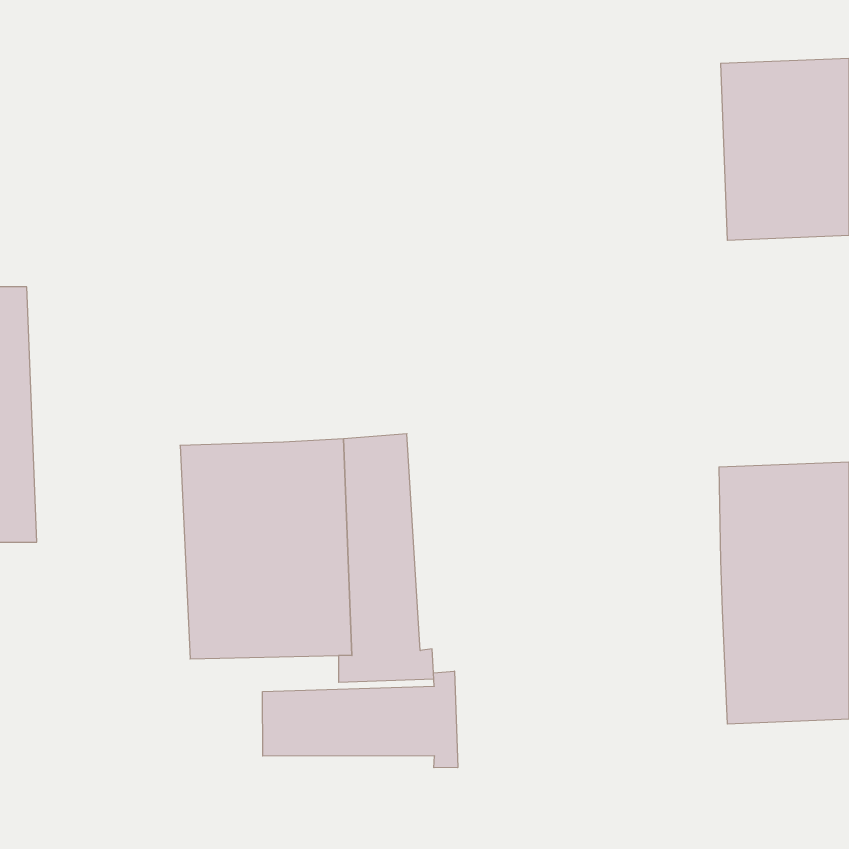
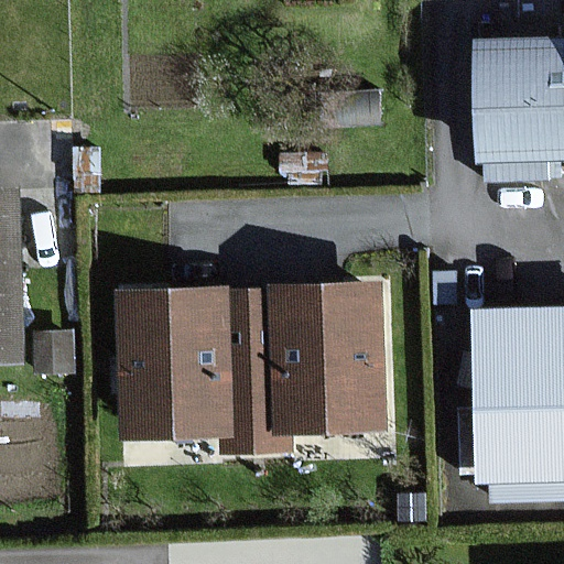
building: none -> [269,284,384,432]
building: [263,671,458,768] -> none

